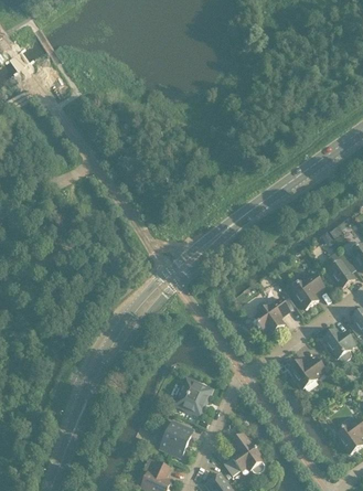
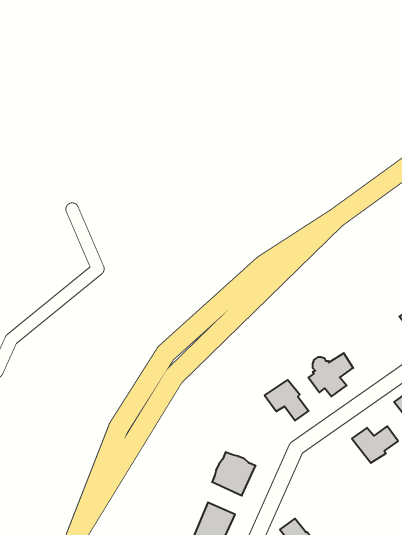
building: [290,273,323,308] -> none
building: none -> [265,380,309,421]

